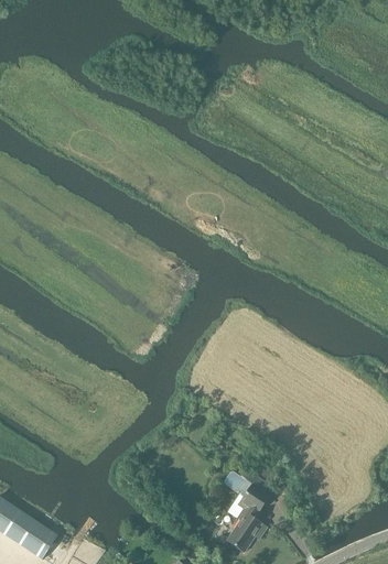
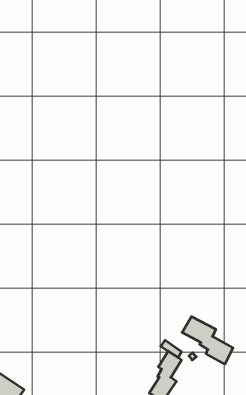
building: none -> [182,317,233,364]

